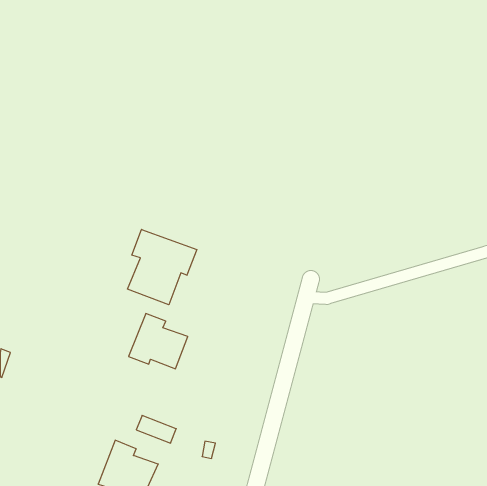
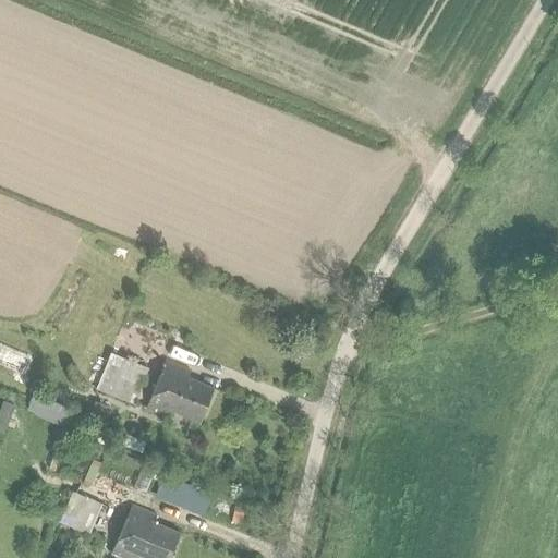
building: [127,229,197,305] -> none
building: none -> [96,353,150,405]

